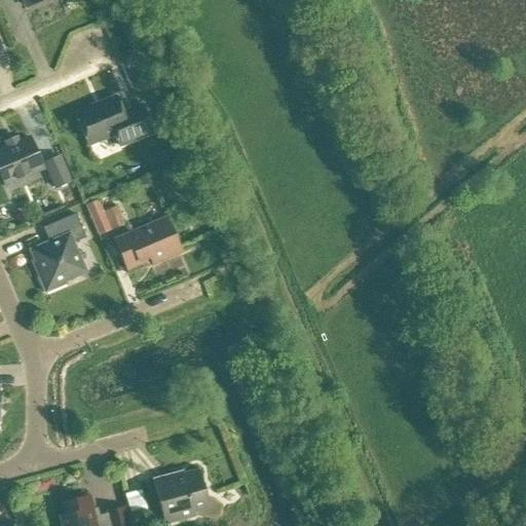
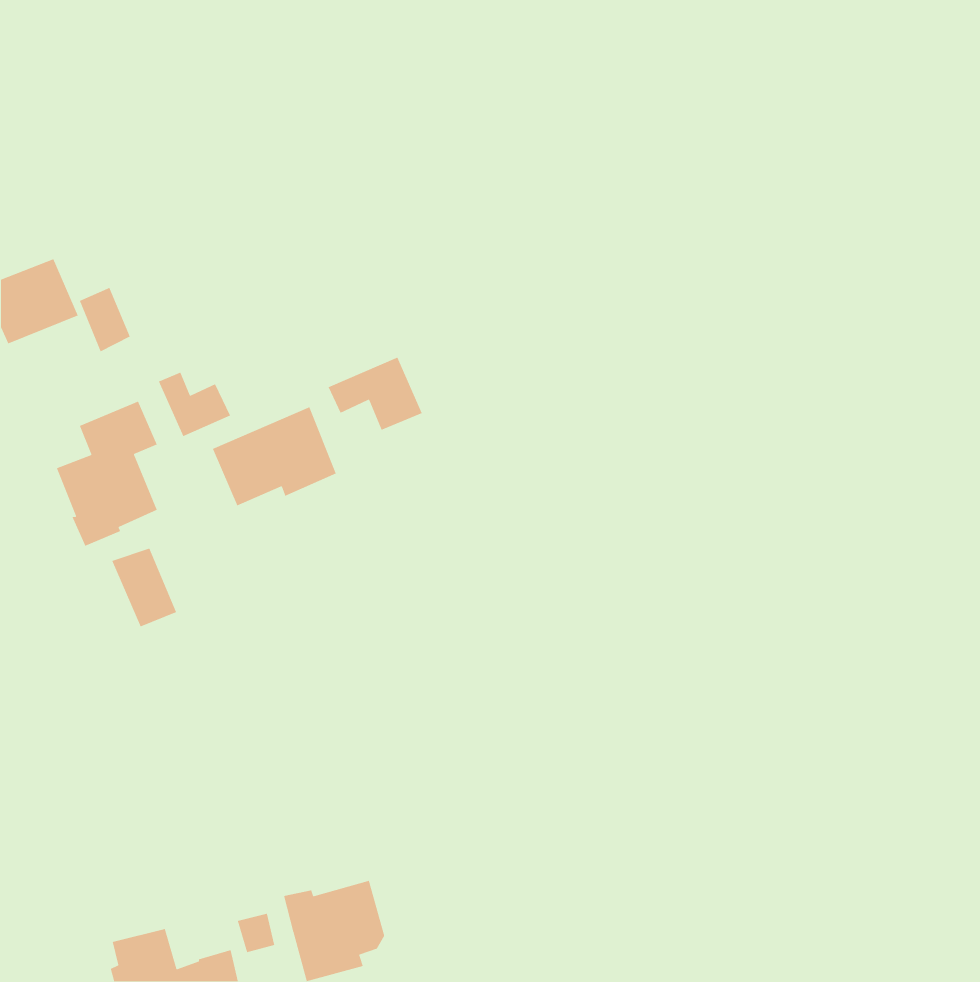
building: [76,98,154,146] -> none
building: none -> [328,357,423,431]
building: none -> [111,547,177,627]

